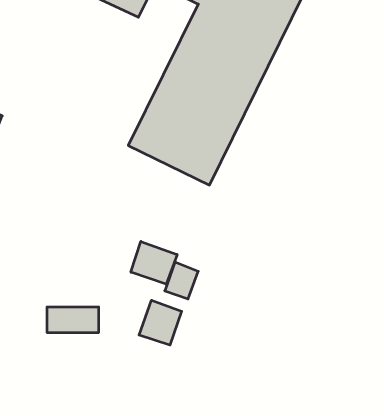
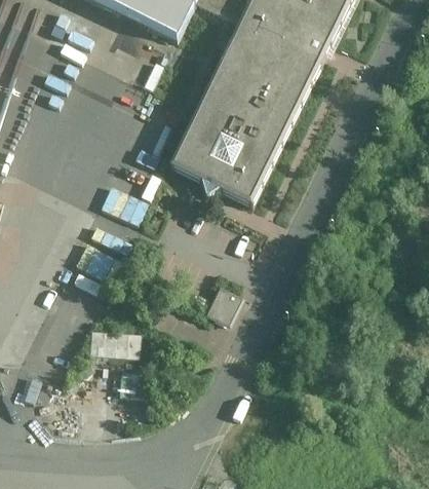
building: [131,241,177,284] -> none
building: [139,300,182,345] -> none

